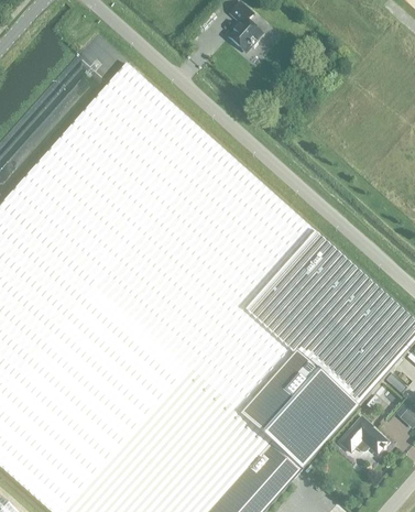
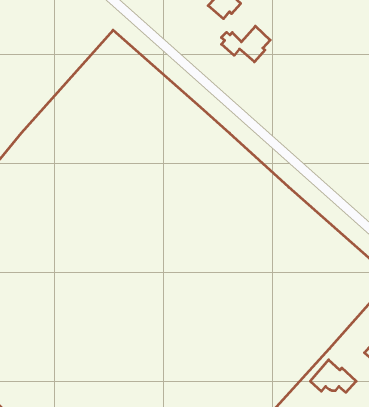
building: none -> [221,26,270,62]

